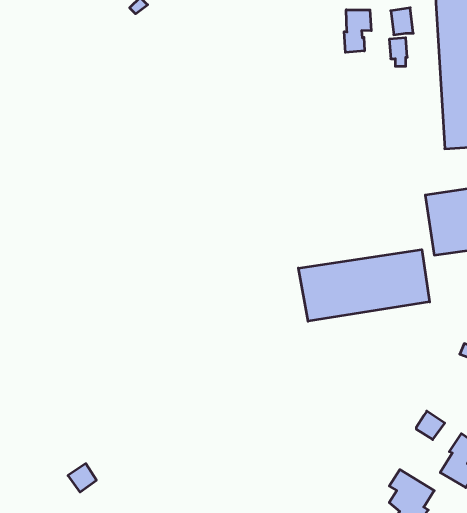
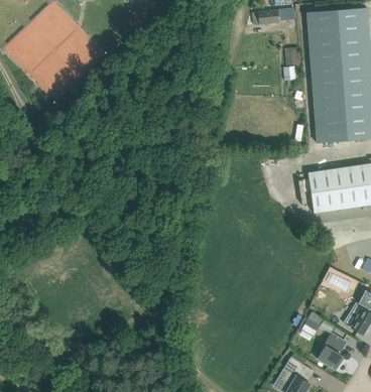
building: [344,10,371,52] -> none
building: [298,250,430,321] -> none

